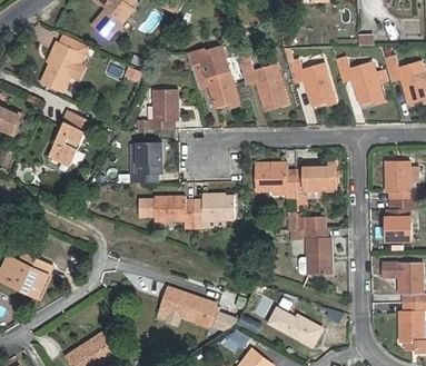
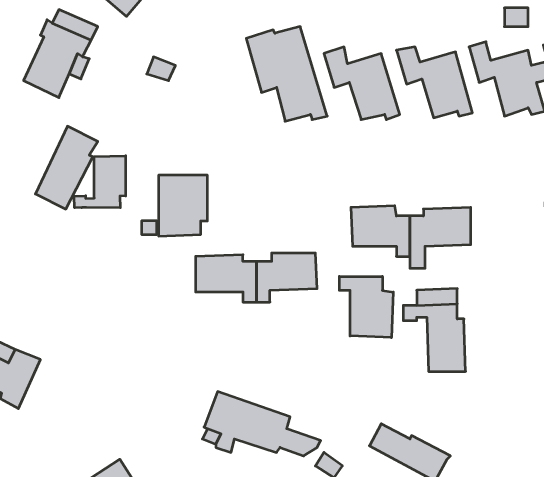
building: [148,91,178,130] -> none
building: none -> [74,156,126,208]
building: none -> [339,276,393,338]

